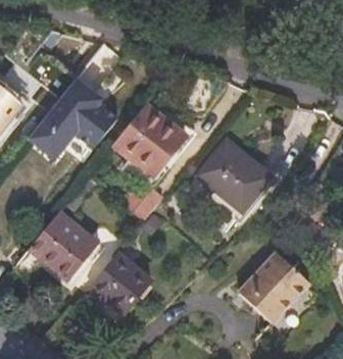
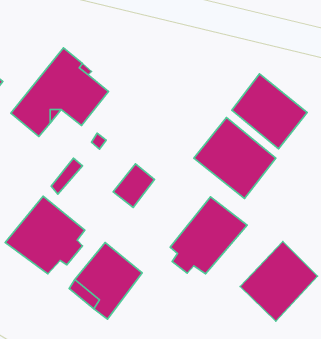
building: none -> [232,74,307,149]
building: [113,104,188,178] -> none
building: none -> [170,197,247,274]

